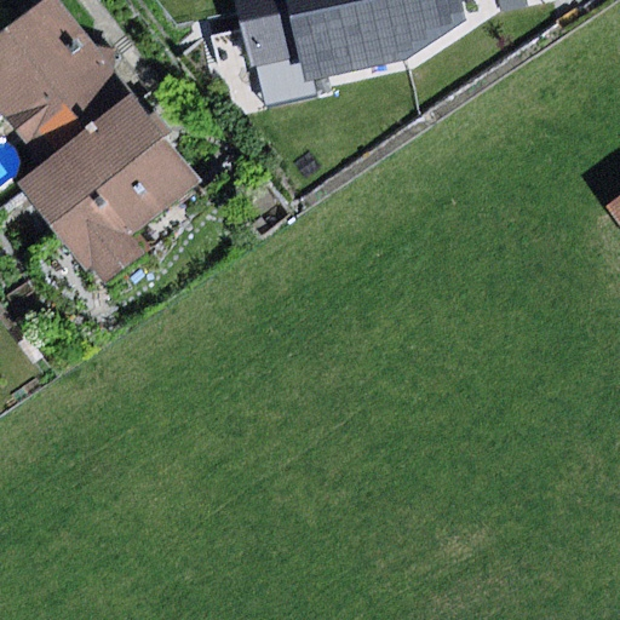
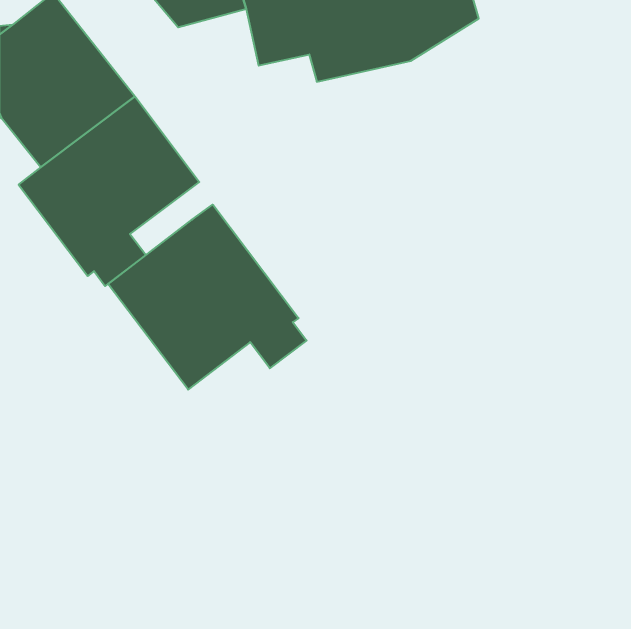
building: none -> [108,205,307,390]

